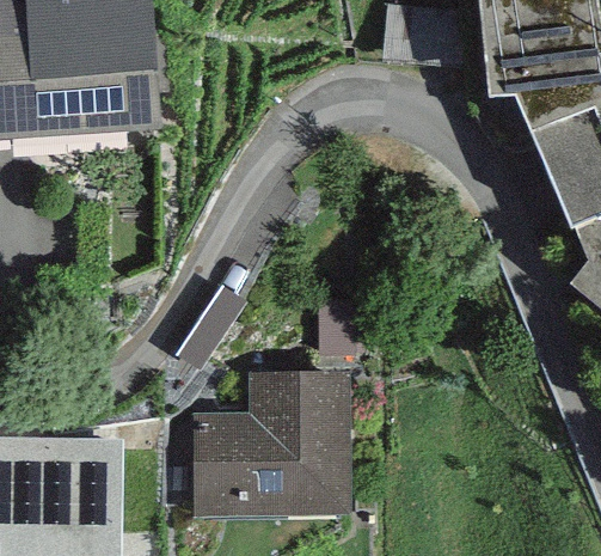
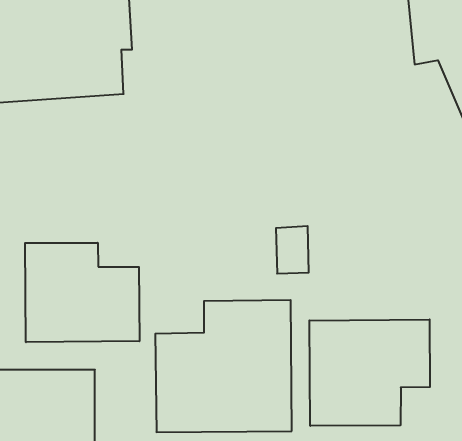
building: none -> [25,243,139,342]
building: none -> [309,319,430,426]

